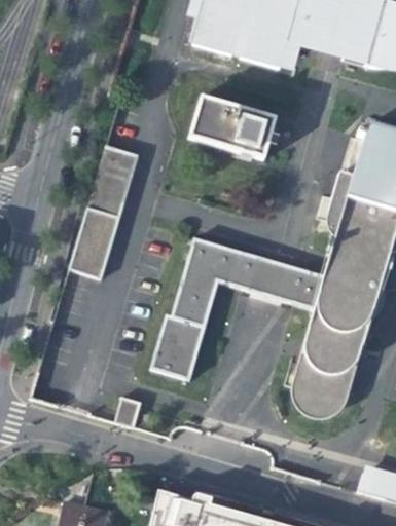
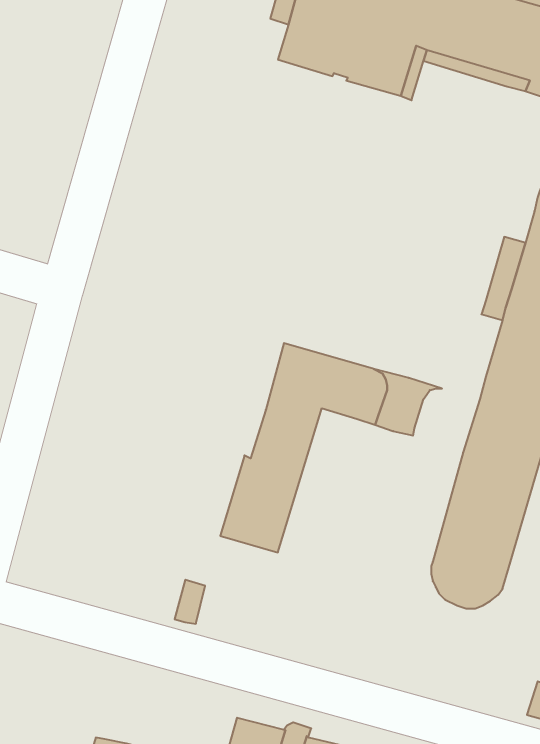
building: [192,96,276,156] -> none
building: [69,143,140,278] -> none
building: [282,267,327,310] -> none

